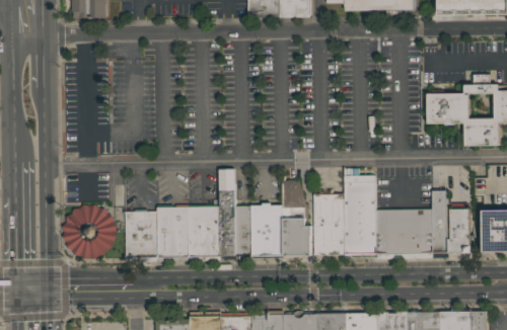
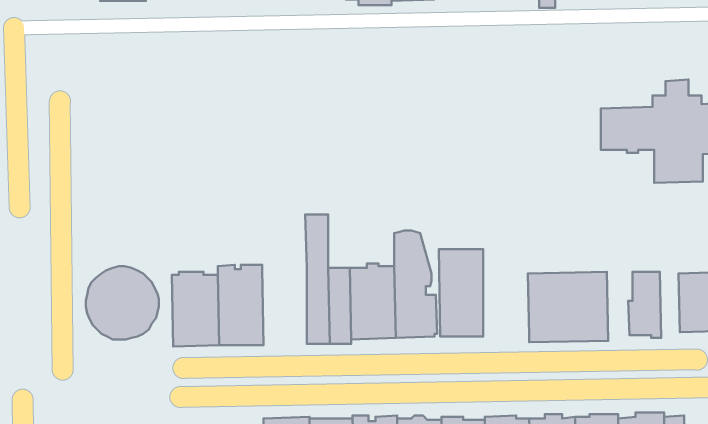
building: [344,167,377,254] -> none
building: [432,189,448,257] -> none
building: [189,205,220,260] -> none

